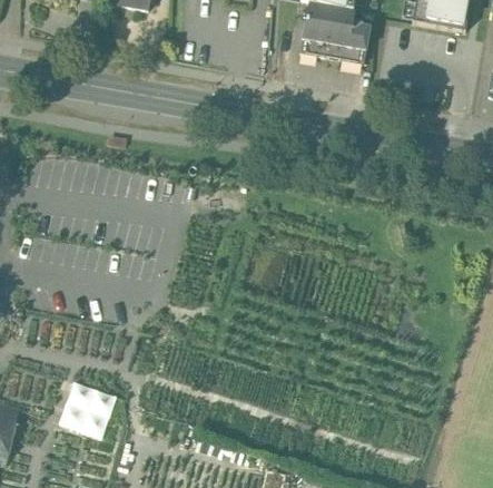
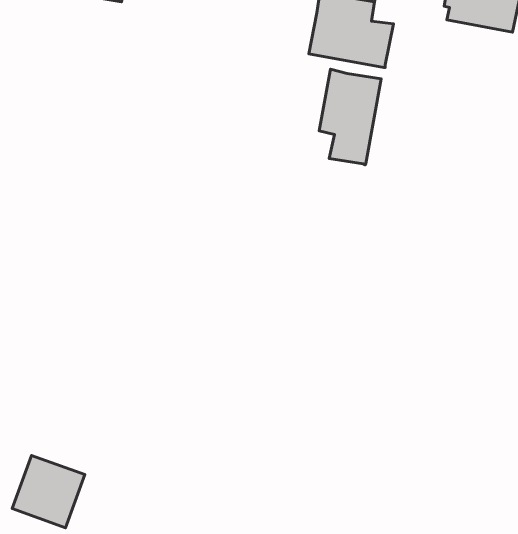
building: none -> [319,69,381,165]

